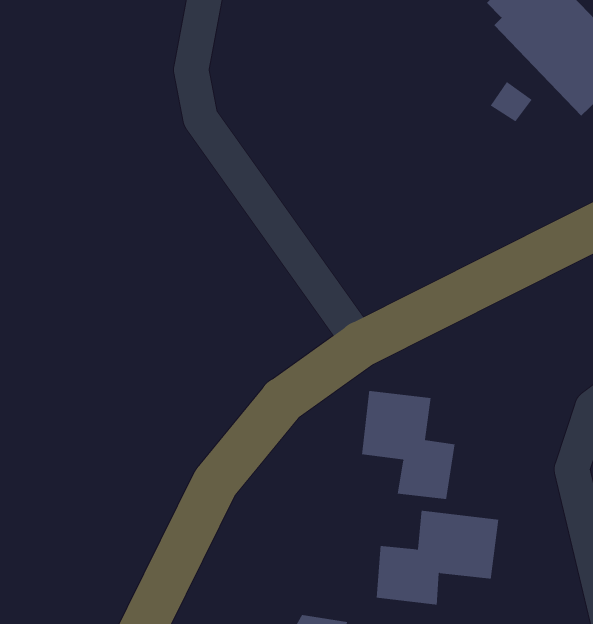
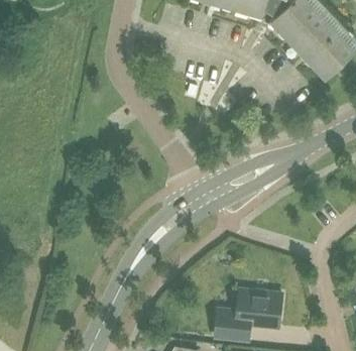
building: [361,390,455,500] -> none

